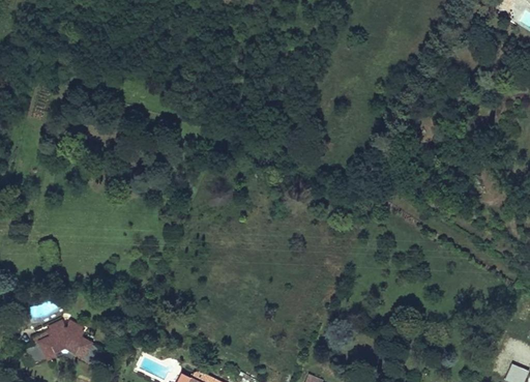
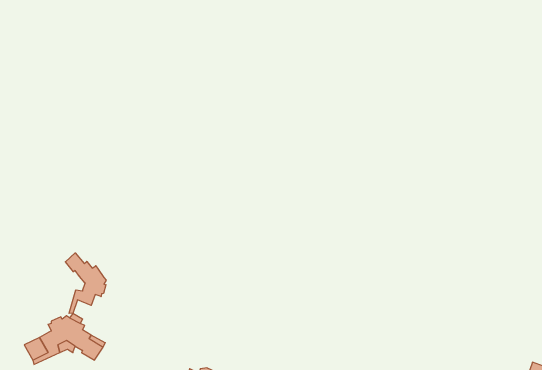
building: none -> [65,253,106,314]

